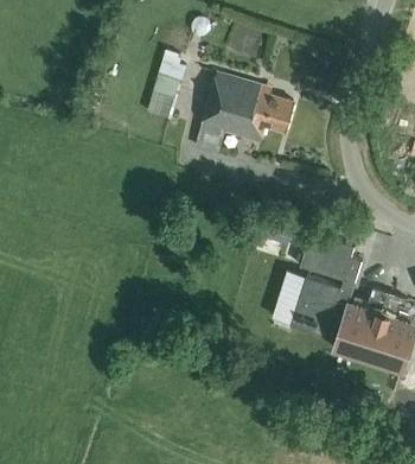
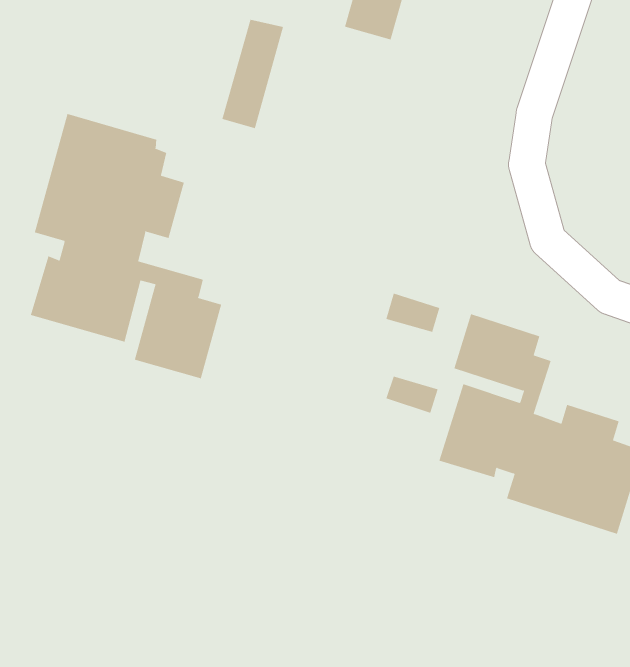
building: [194,72,292,154] -> none
building: none -> [30,113,222,379]

